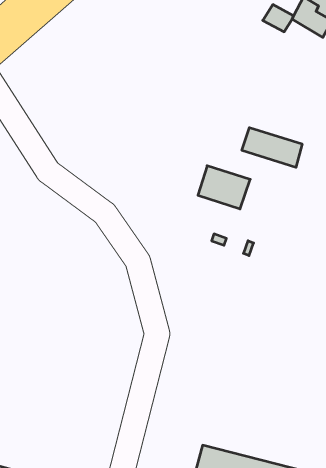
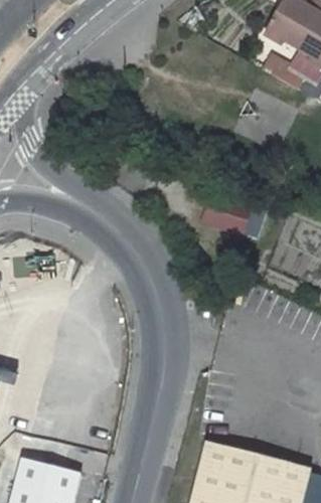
building: [242,128,302,167] -> none

